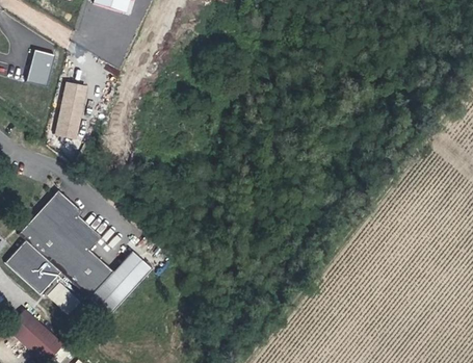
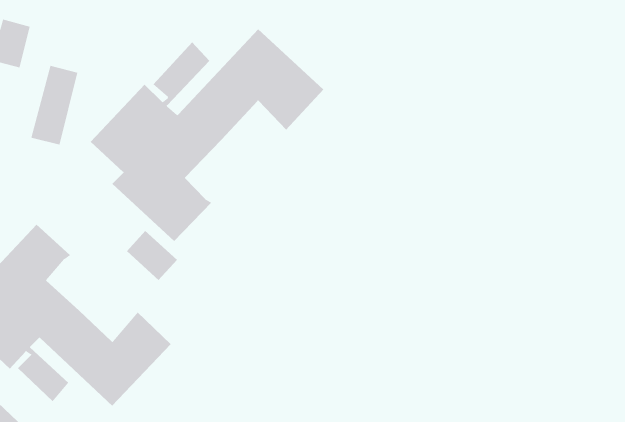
building: none -> [90,28,324,242]
building: [65,213,102,249] -> [126,230,178,281]

